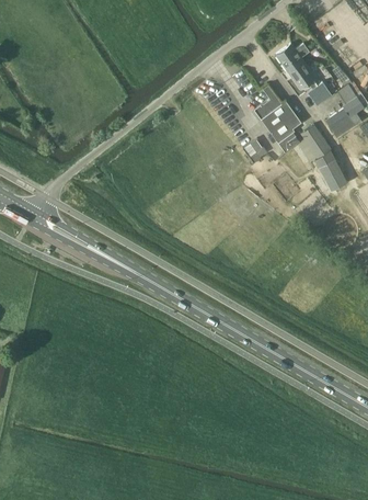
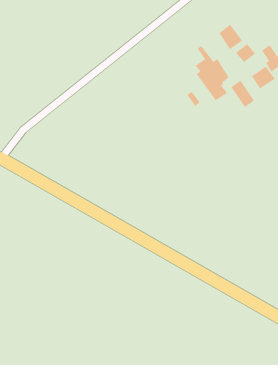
building: [276,44,308,70] -> none
building: [314,151,346,190] -> none

